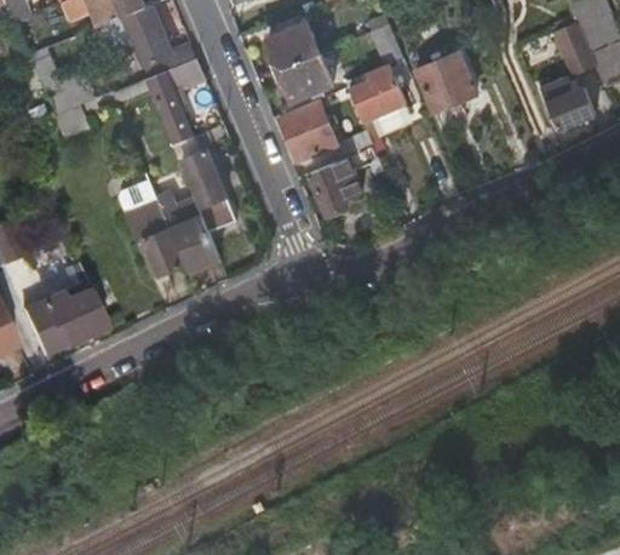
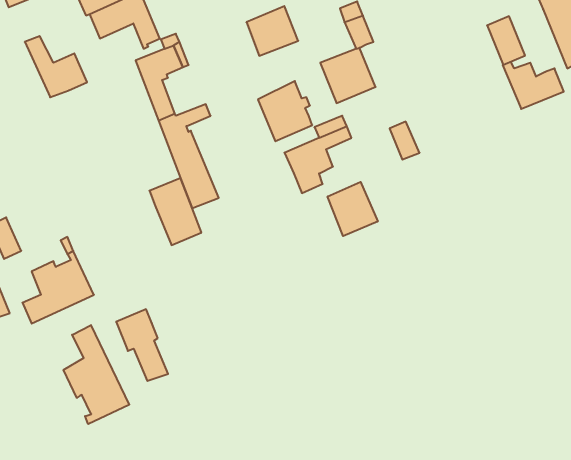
building: [553,24,593,75] -> [487,16,525,65]
building: [412,56,472,114] -> none
building: [279,57,331,102] -> none
building: [126,200,180,275] -> [116,309,168,381]
building: none -> [328,182,378,236]
building: none -> [64,325,129,424]

